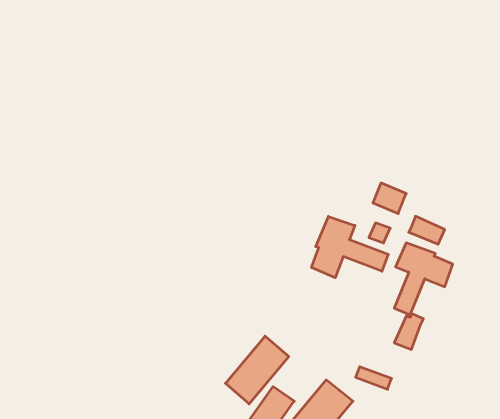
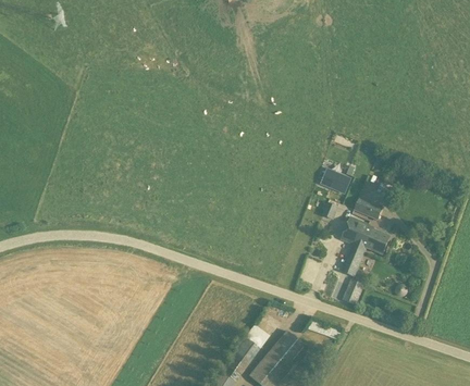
building: [312,216,388,278] -> none
building: [225,336,289,404] -> none

